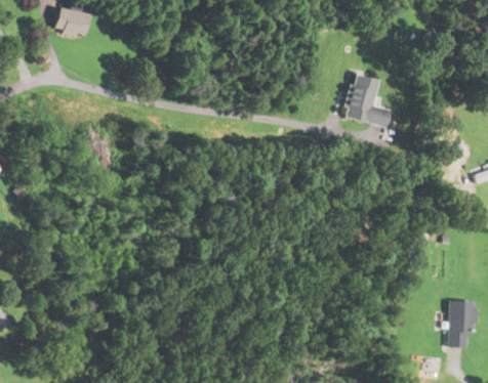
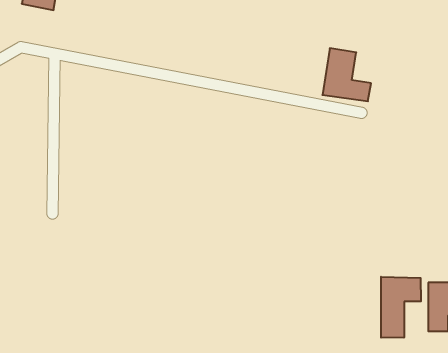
building: none -> [381,277,421,338]

